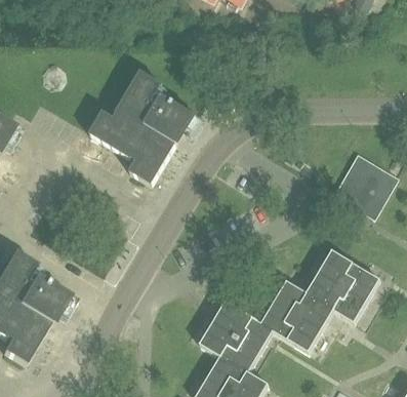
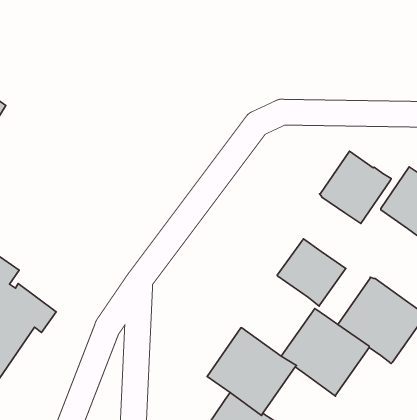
building: [92,74,197,184] -> none
building: none -> [320,151,391,224]
building: none -> [277,239,346,306]

